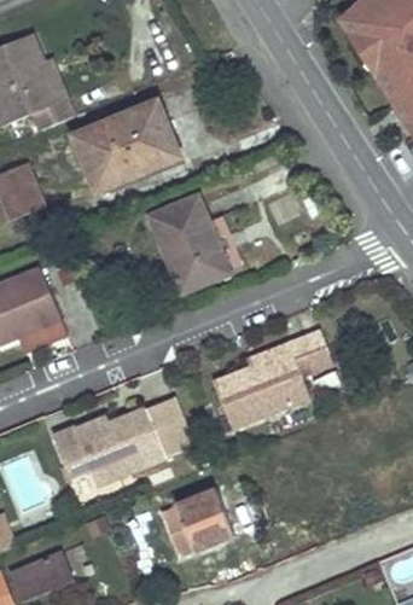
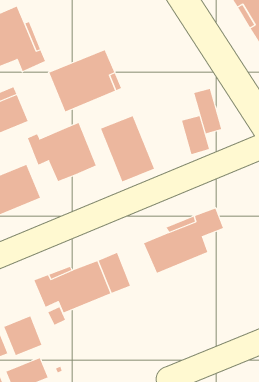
building: none -> [194,88,222,134]
building: none -> [27,122,97,182]
building: [161,487,234,557] -> none
building: none -> [4,315,42,356]

